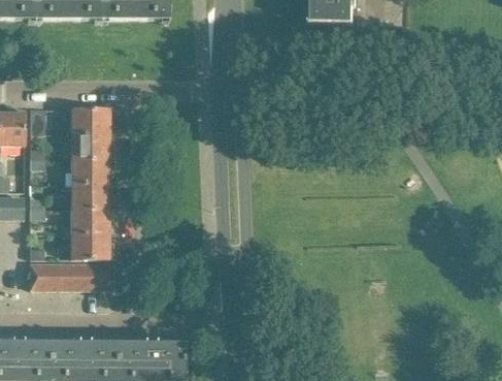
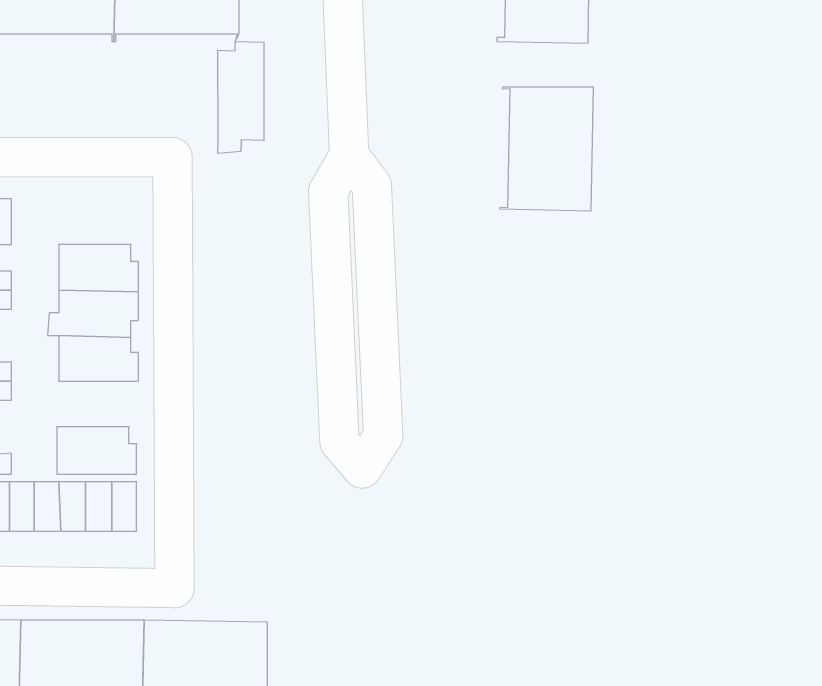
building: none -> [218,41,264,153]
building: none -> [500,87,593,211]
building: [69,109,112,134] -> none
building: [68,209,112,233] -> none

